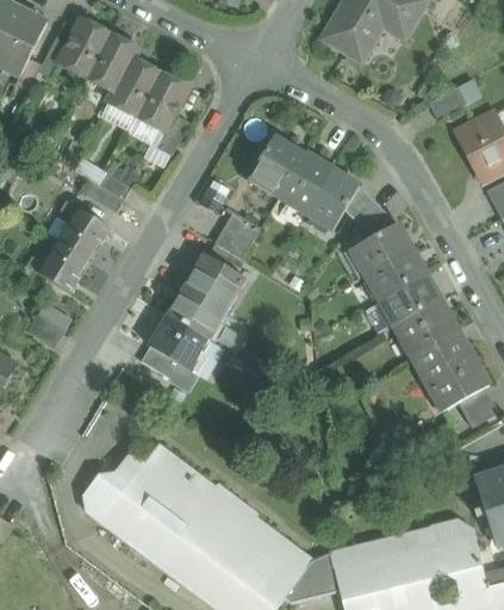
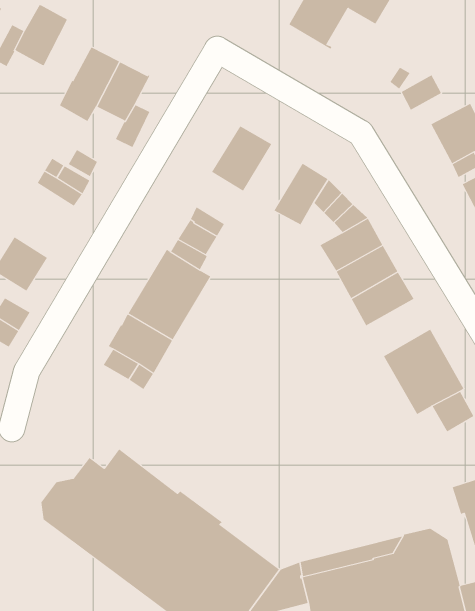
building: [87,33,138,92] -> none
building: [278,152,334,216] -> none
building: [58,201,111,261] -> none
building: [394,300,456,355] -> none

